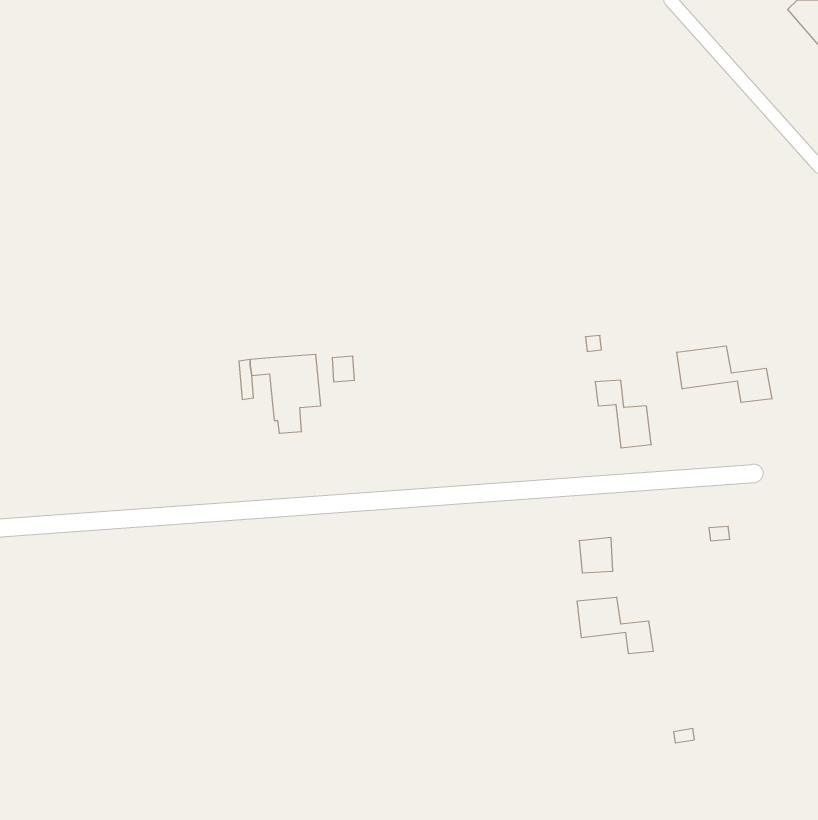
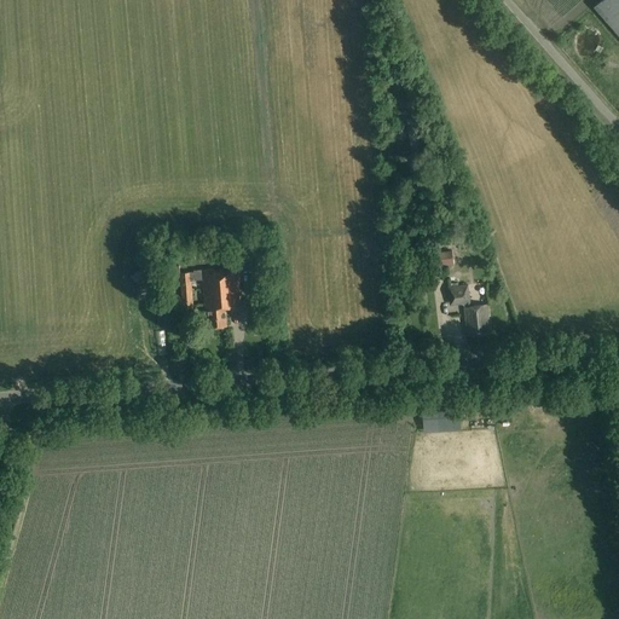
building: [677,346,772,403] -> none
building: [577,597,653,654] -> none

